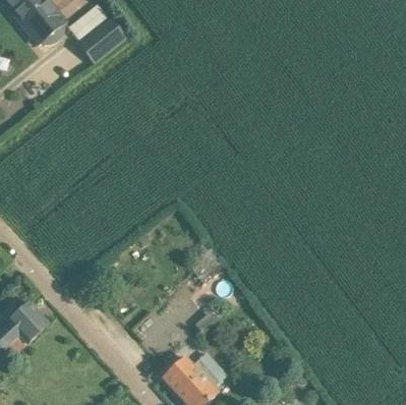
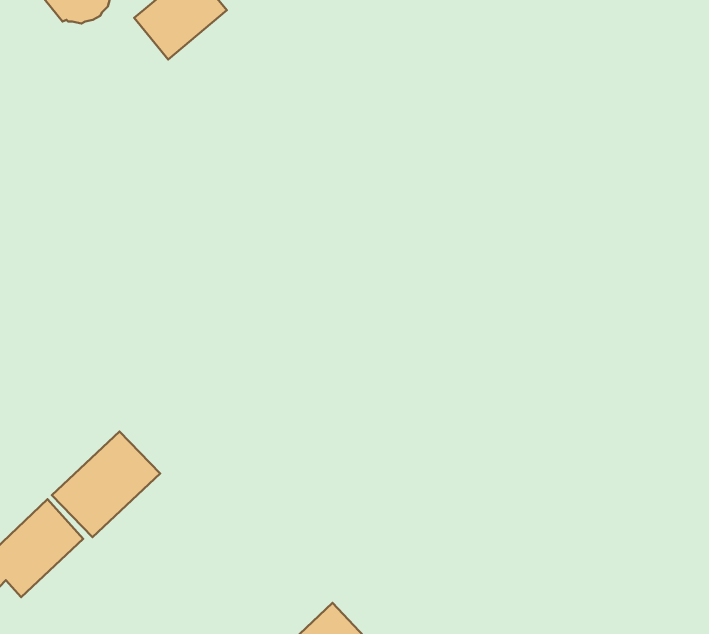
building: none -> [52,431,160,537]

